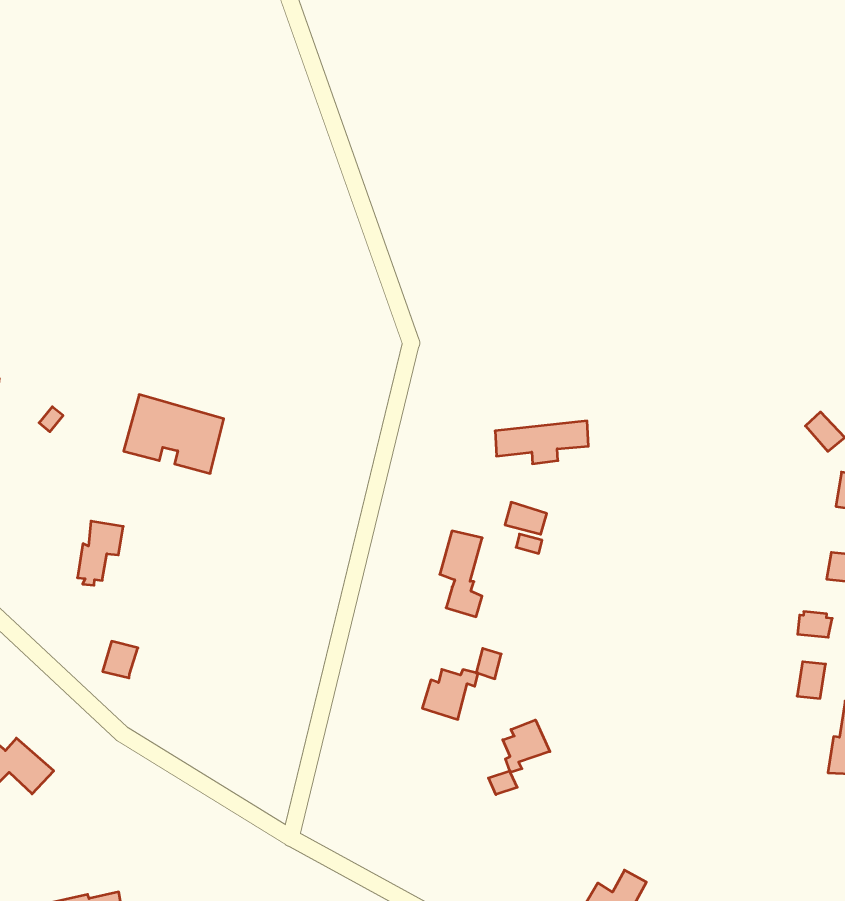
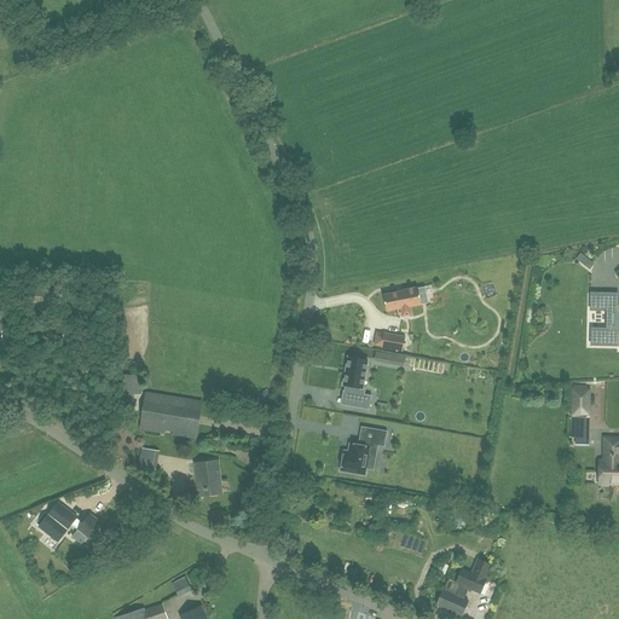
building: [124,395,224,473] -> [139,392,199,436]
building: none -> [193,459,220,494]
building: [488,720,550,795] -> none

